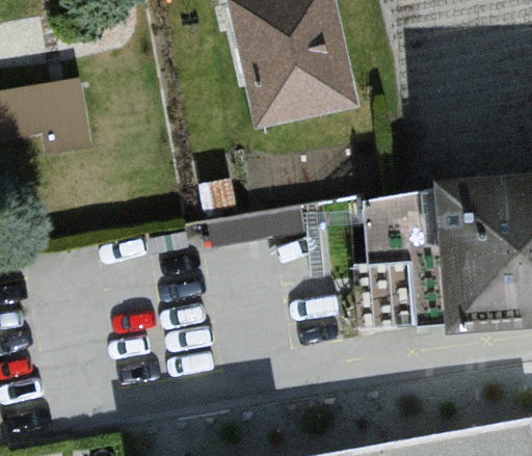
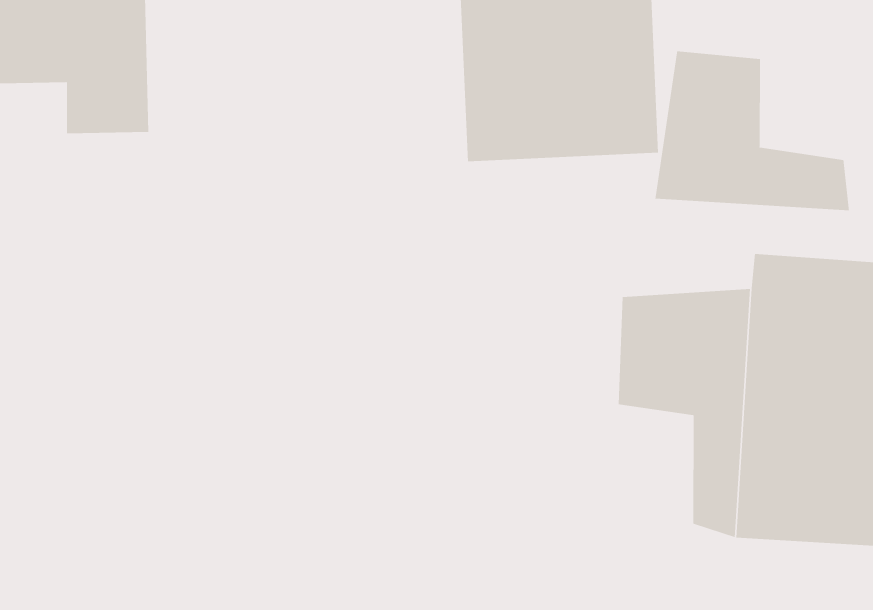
building: none -> [655,51,850,211]

